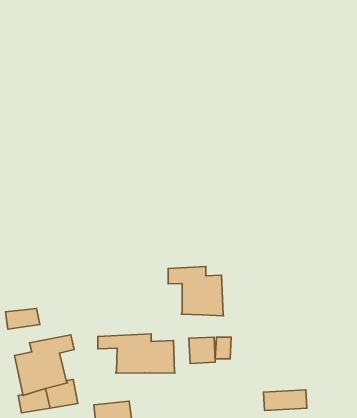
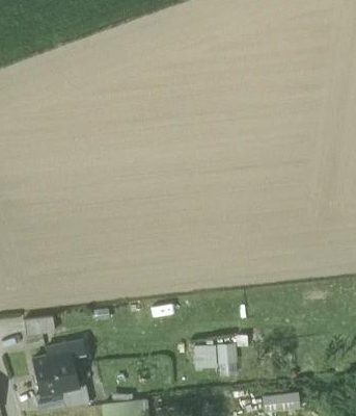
building: [168,267,223,316] -> none
building: [98,334,175,373] -> none

